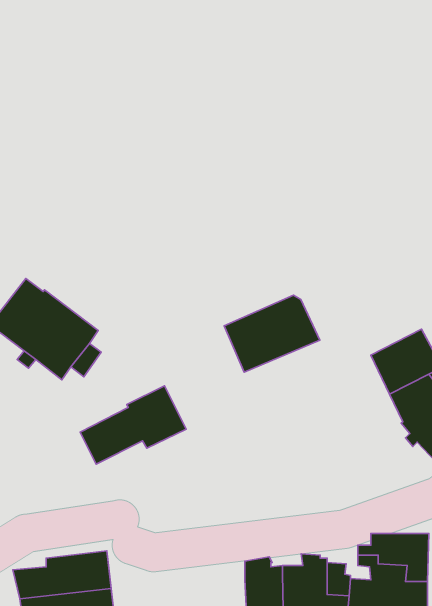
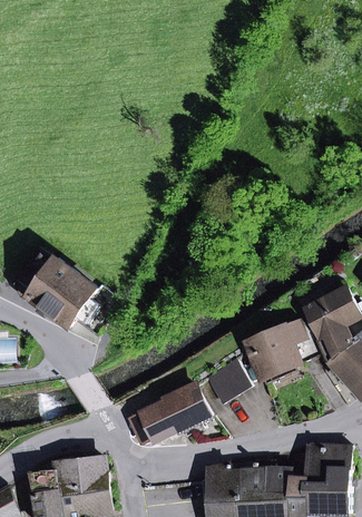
building: [224,295,320,372] -> [245,319,319,378]
building: [80,386,186,464] -> [128,383,209,443]
building: none -> [205,360,248,403]

